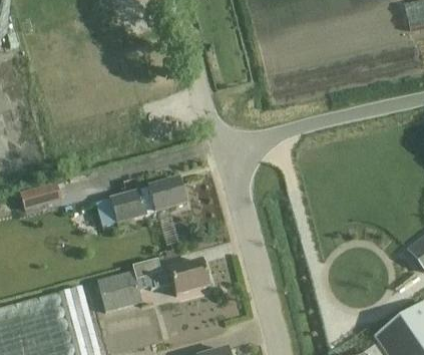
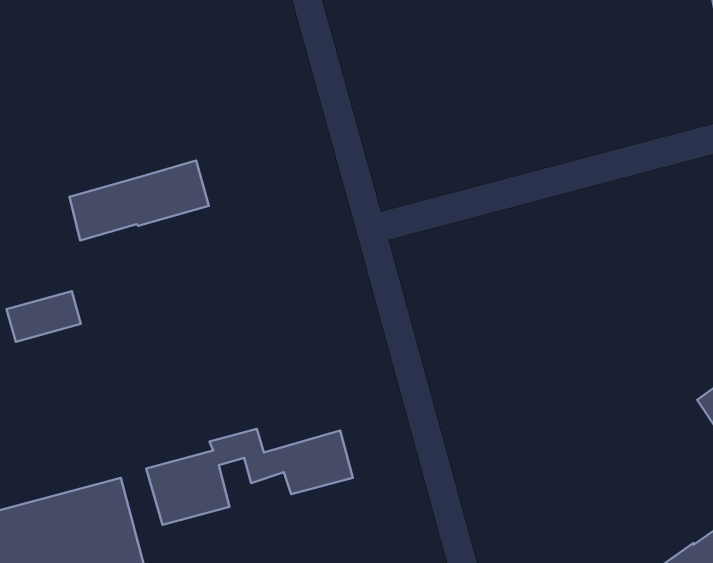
building: [109,180,186,224] -> [69,161,209,240]

